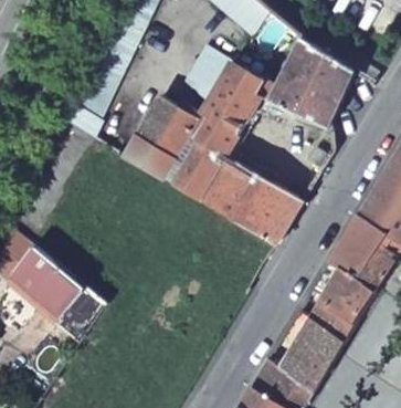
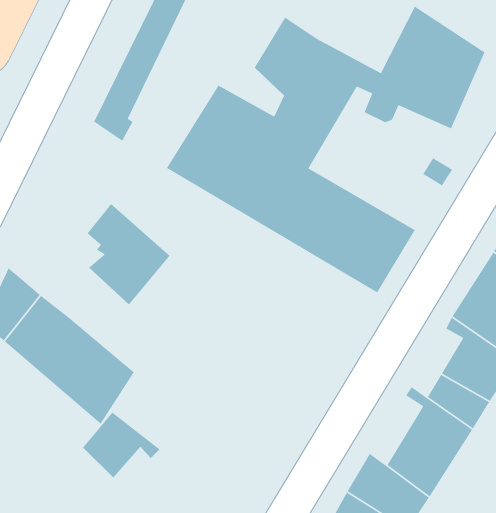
building: none -> [87,203,171,305]
building: none -> [82,411,160,479]

